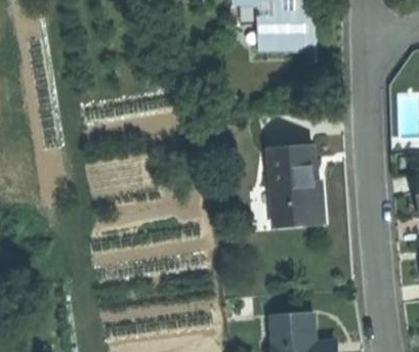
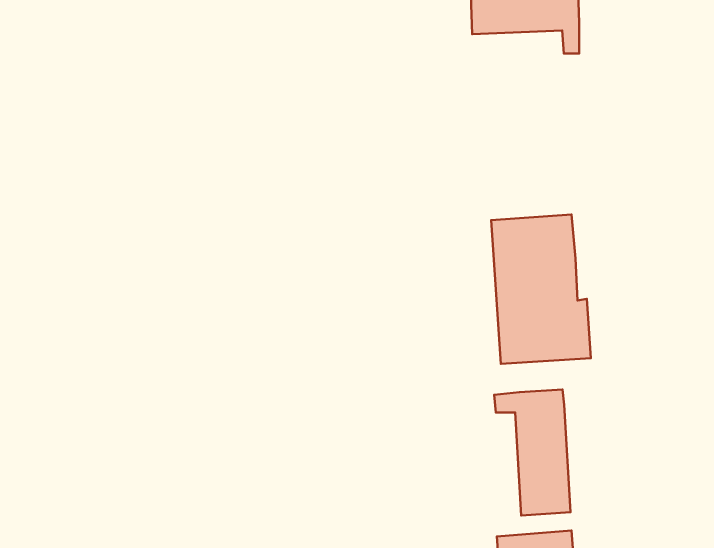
building: none -> [494,389,571,516]

